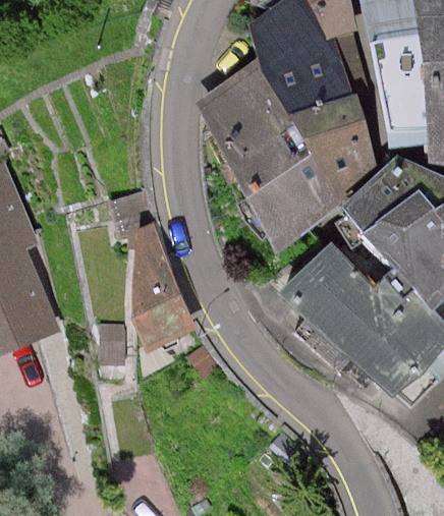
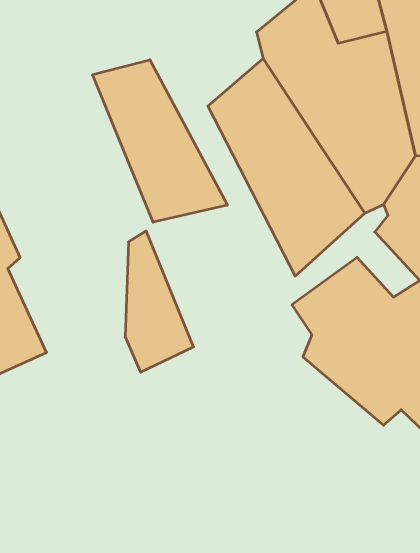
building: none -> [93,60,227,222]

